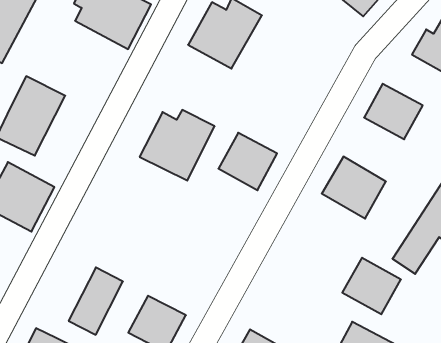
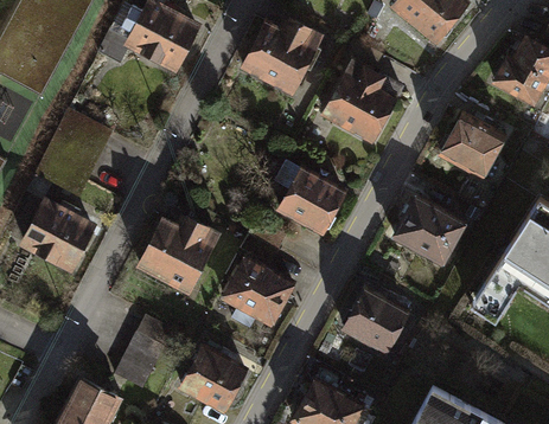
building: none -> [320,58,395,140]
building: [140,110,215,181] -> [138,216,219,293]
building: none -> [222,257,292,323]
building: [342,258,401,314] -> [341,287,406,348]

